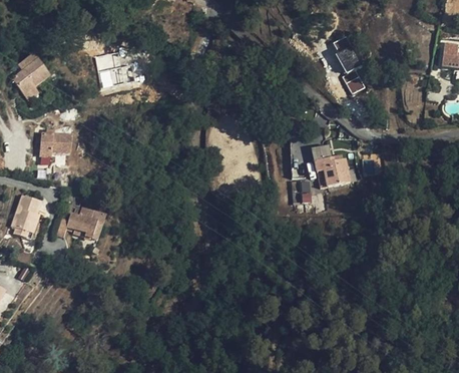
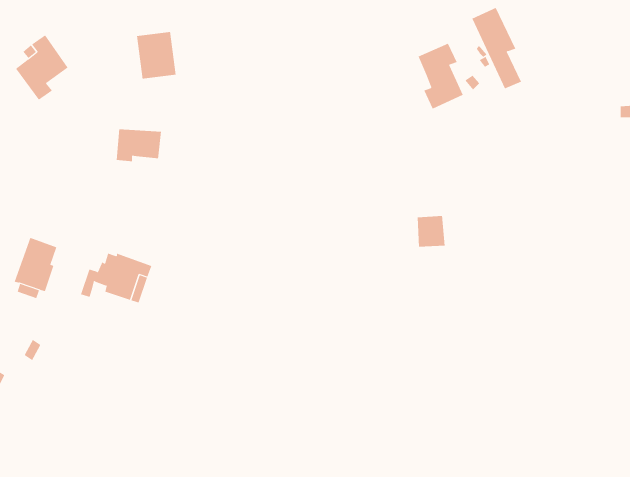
building: none -> [418,43,464,110]
building: [39,133,71,156] -> [116,129,162,162]
building: [312,144,351,188] -> none

